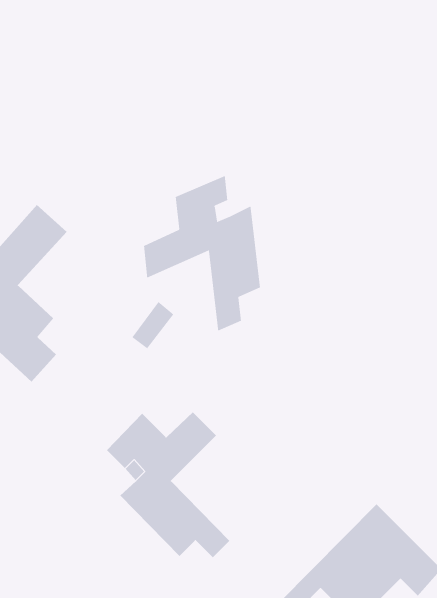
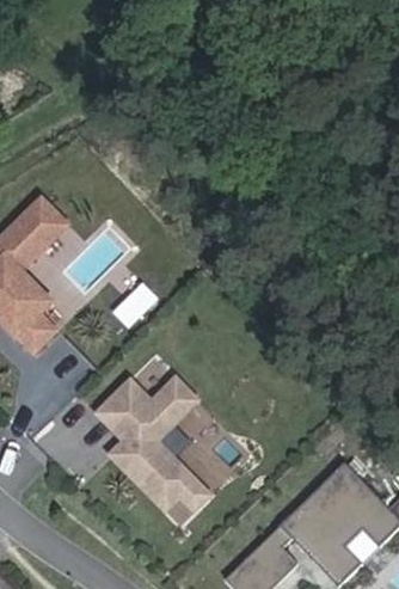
building: [143,175,261,332] -> none

